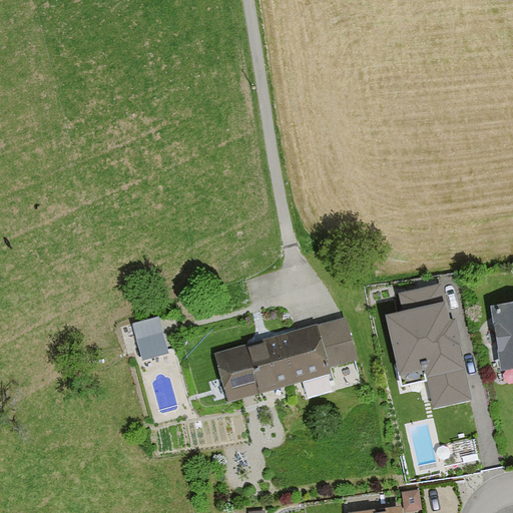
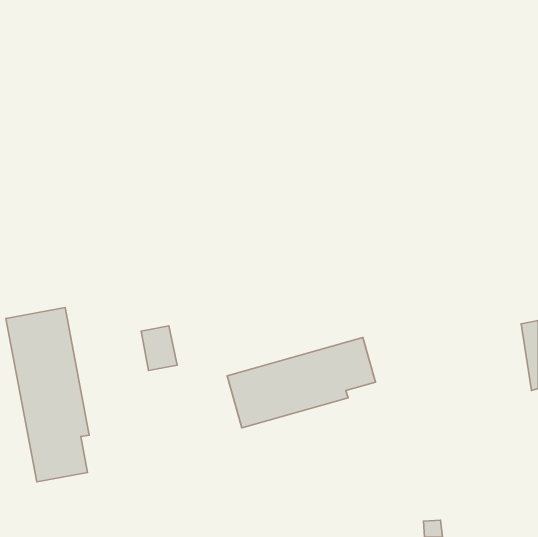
building: none -> [6,308,89,482]
building: [393,297,465,401] -> none

